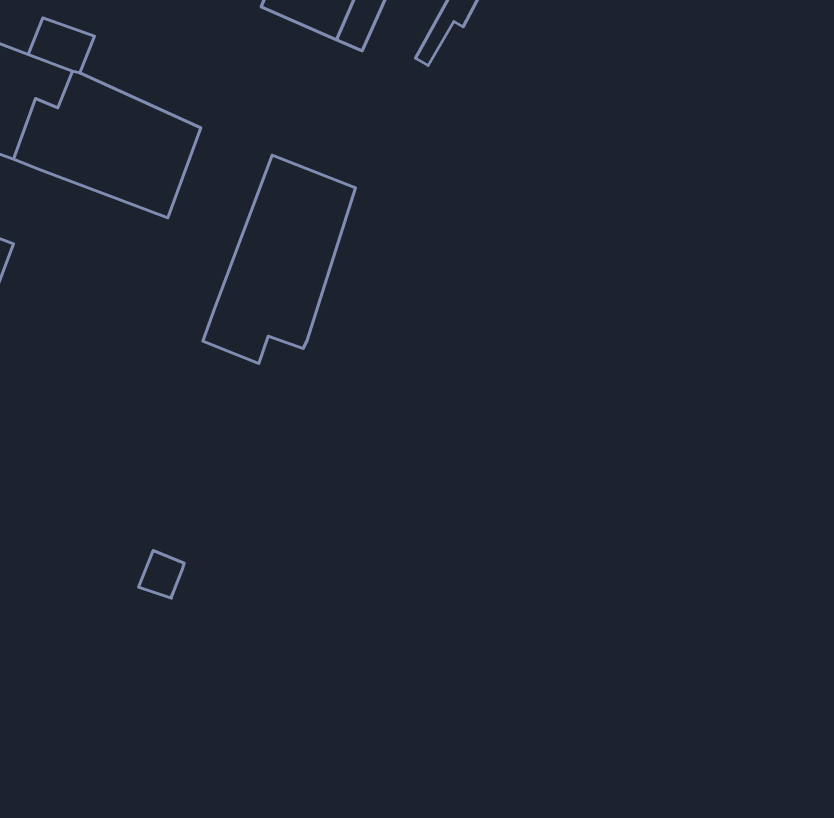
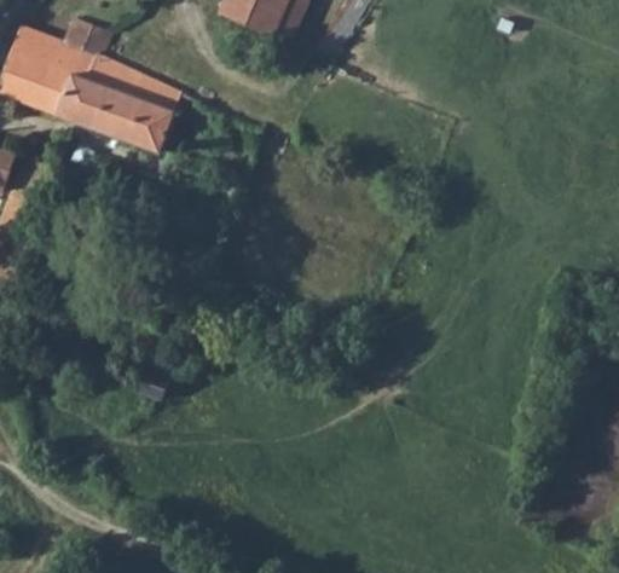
building: [203,155,356,363] -> none

